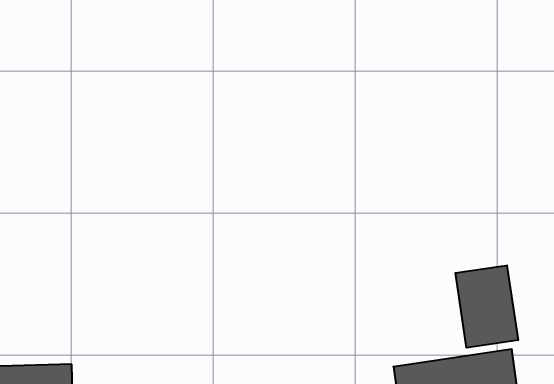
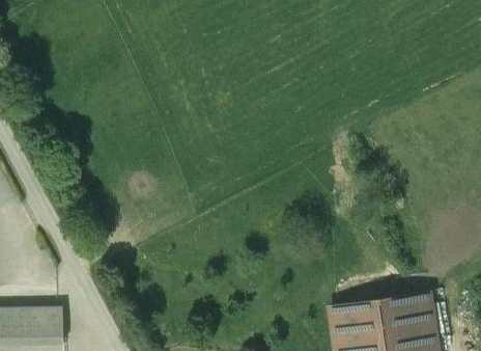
building: [455,265,518,348] -> none

